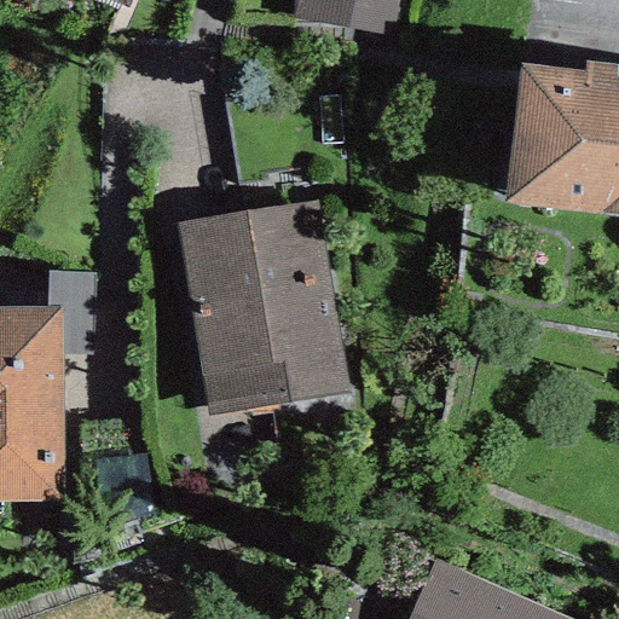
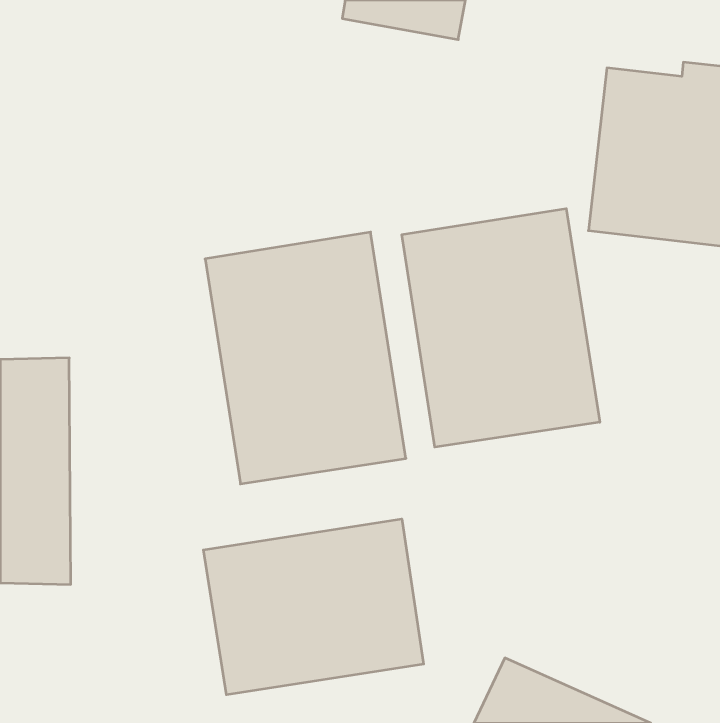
building: none -> [402,209,600,447]
building: none -> [203,519,424,695]

